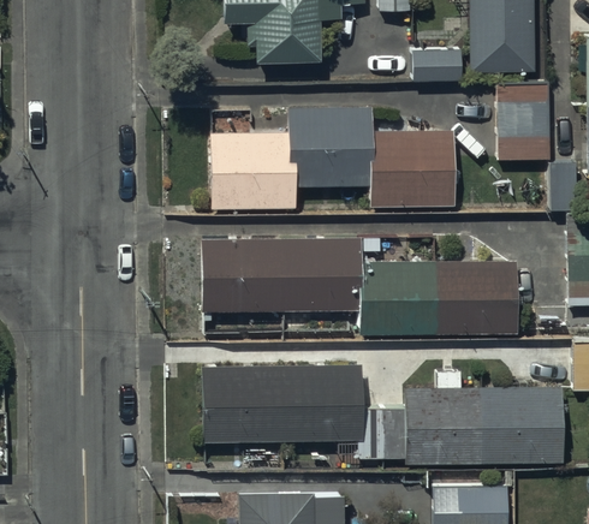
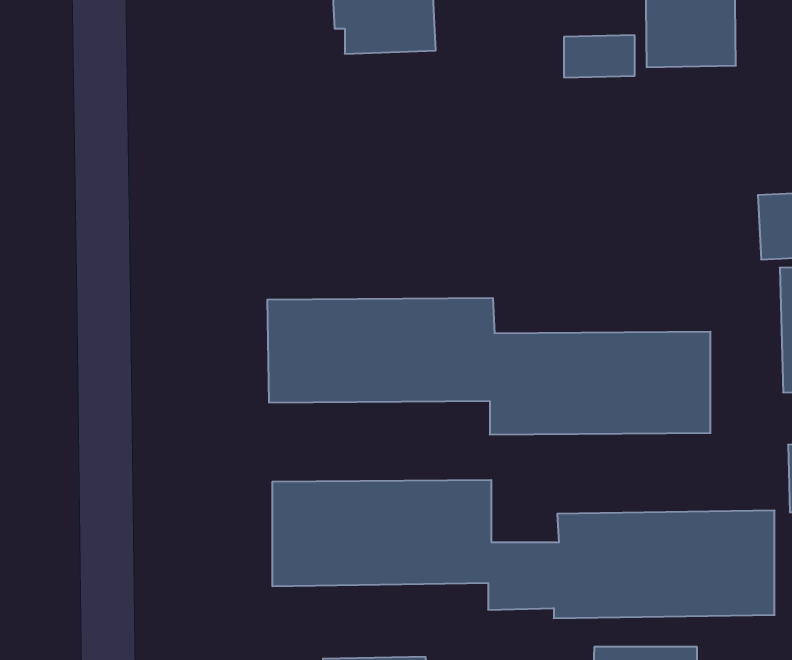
building: [496,83,549,159] -> none
building: [210,106,454,208] -> none

